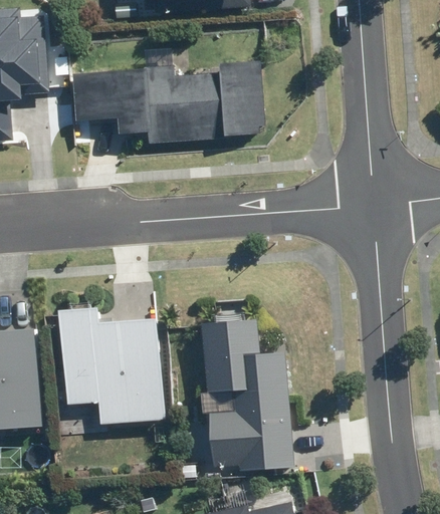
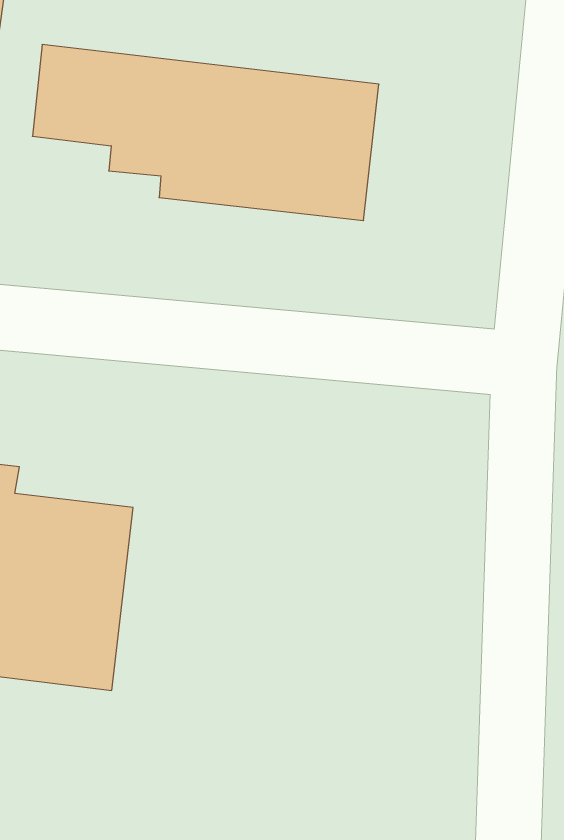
building: [201,319,290,468] -> none

